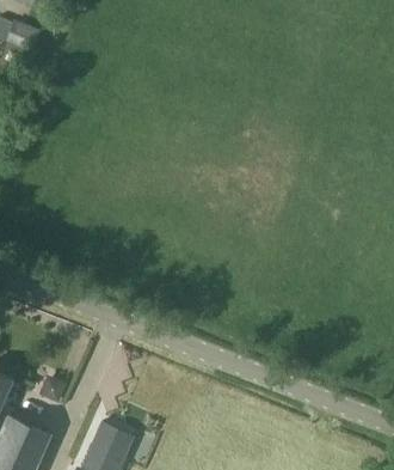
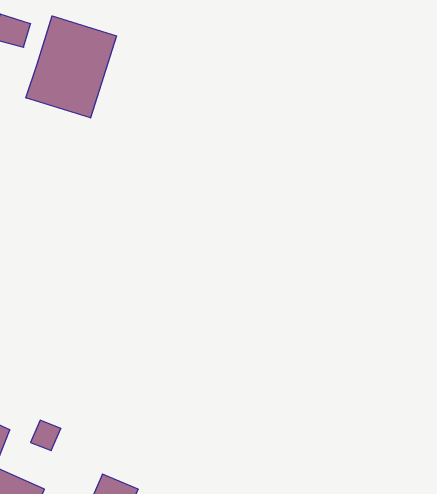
building: none -> [26,16,117,118]

